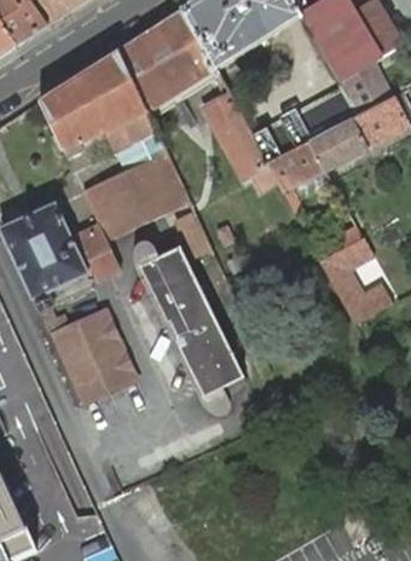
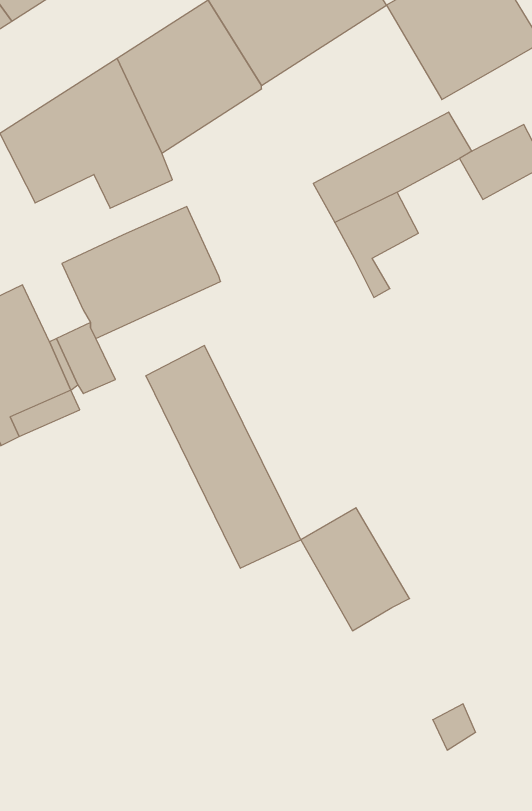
building: [338,57,394,112] -> none
building: [210,98,279,193] -> none
building: [308,117,366,168] -> none
building: [319,238,393,322] -> [301,508,410,631]
building: [51,308,137,397] -> none

